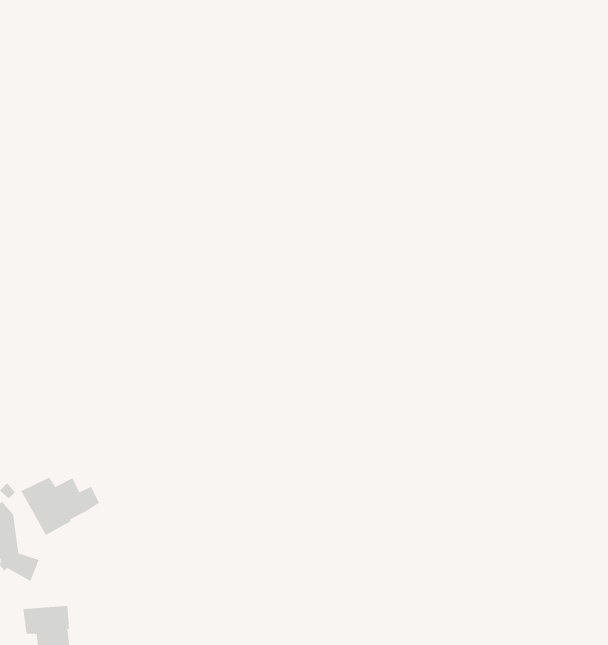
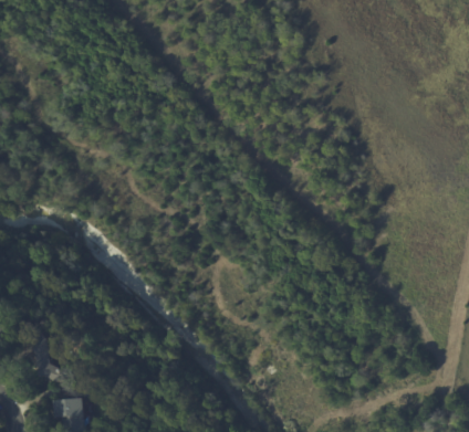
building: [21,477,100,536] -> none

